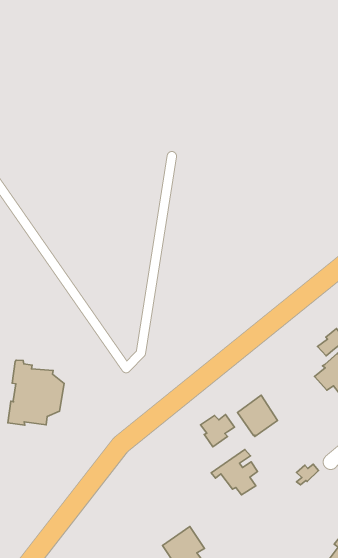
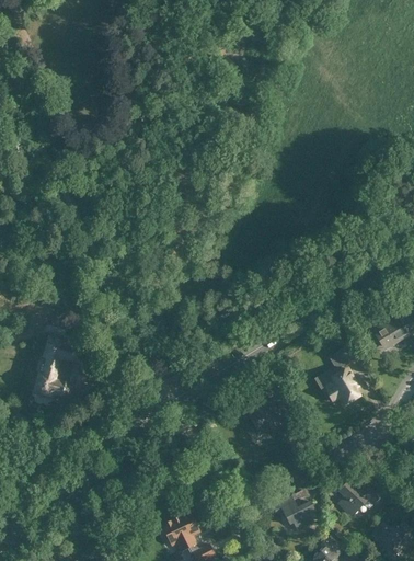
building: [200,415,234,447] -> none
building: [211,449,257,495] -> [273,491,315,533]

